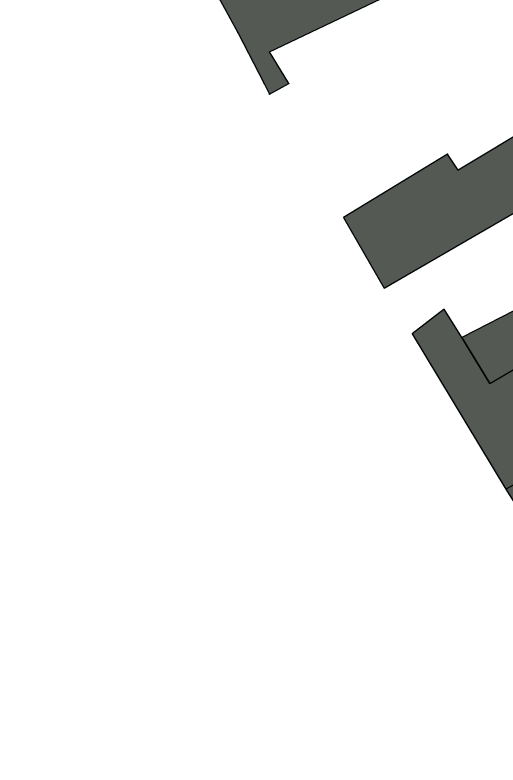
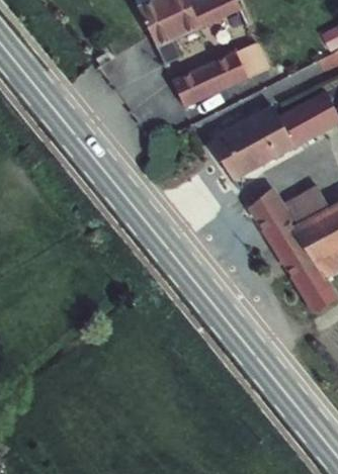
building: none -> [174,42,273,109]

